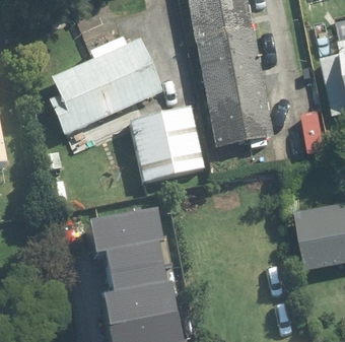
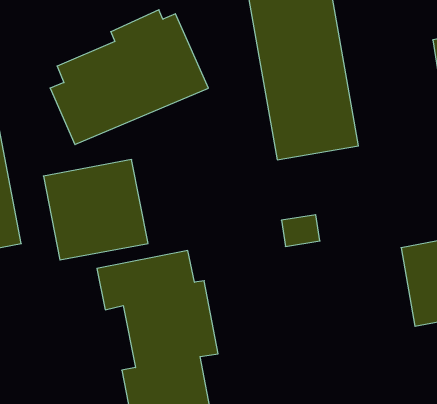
building: [128,107,205,181] -> [43,160,148,260]

